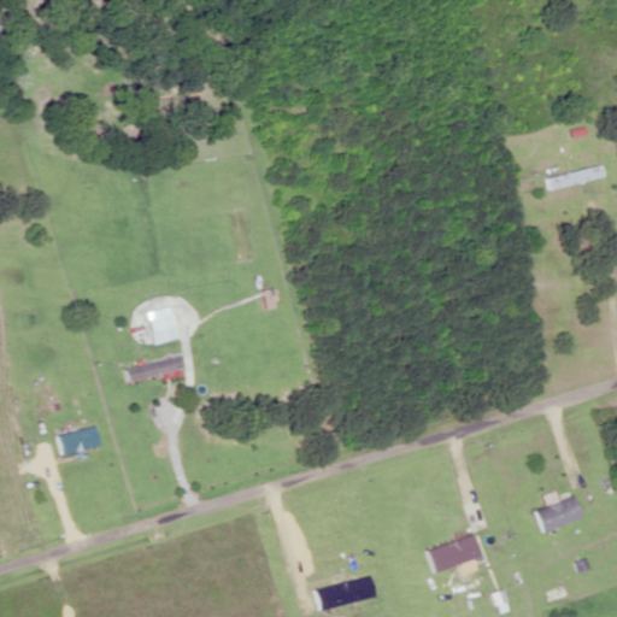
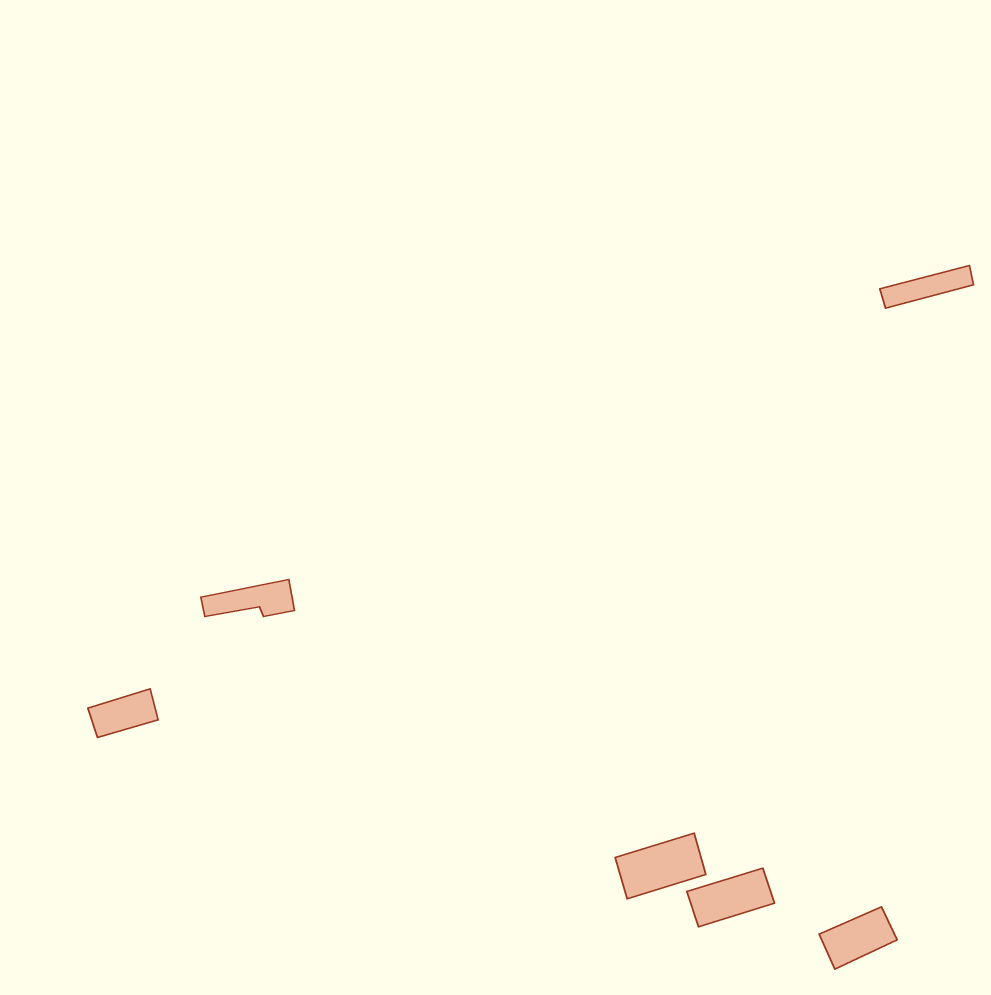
building: [536,495,584,534] -> [819,907,897,969]
building: none -> [615,833,706,899]

